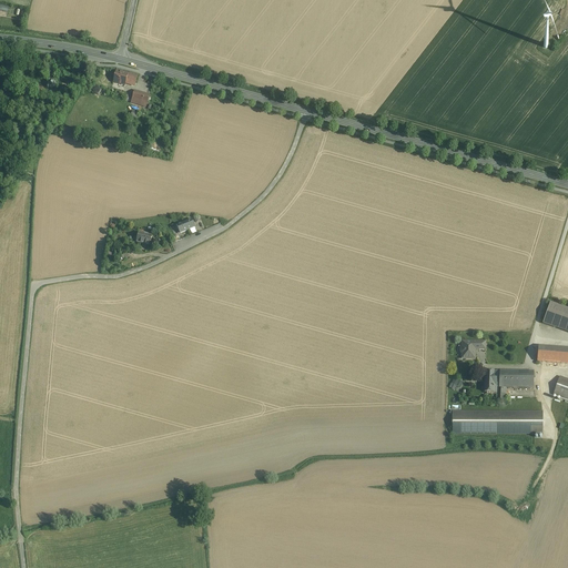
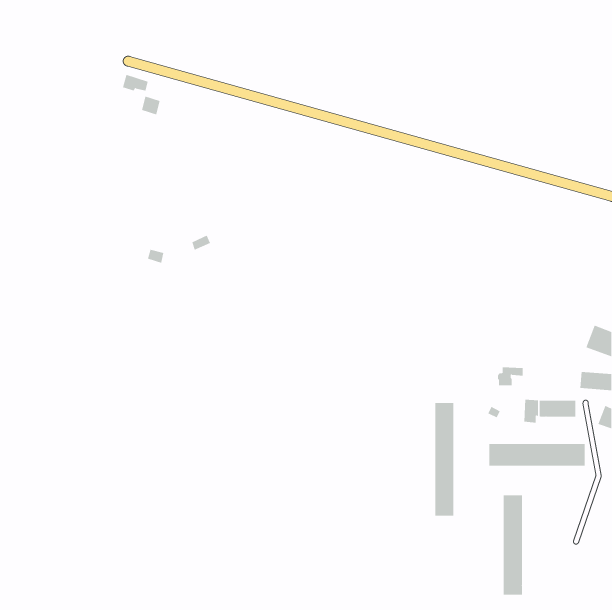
building: none -> [435,402,454,517]
building: none -> [503,494,522,595]

